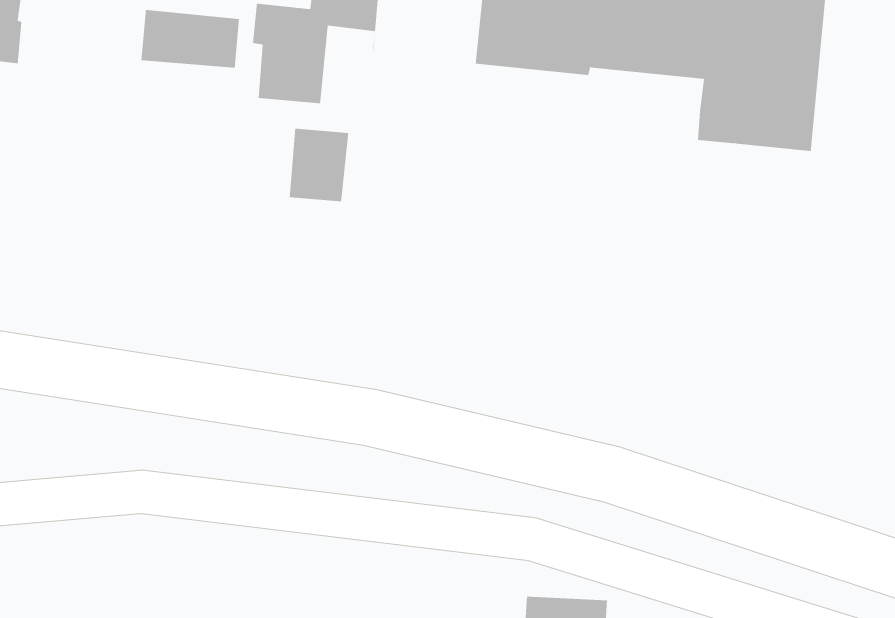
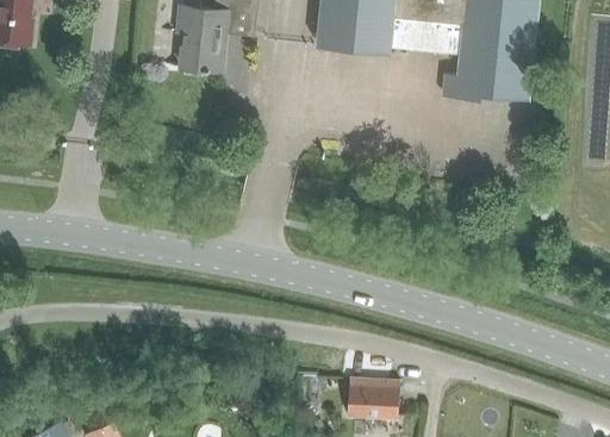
building: [141,9,239,68] -> none
building: [289,128,349,202] -> none

